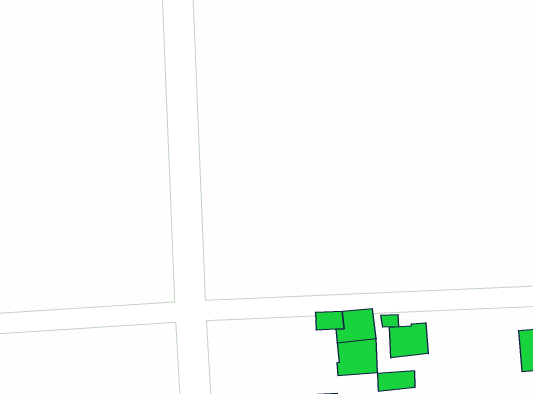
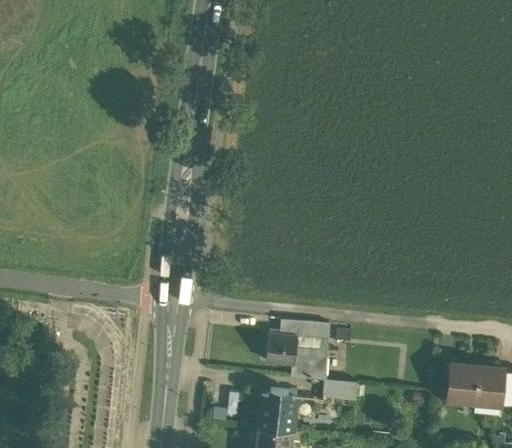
building: [389,323,428,358] -> none
building: none -> [265,333,296,365]

